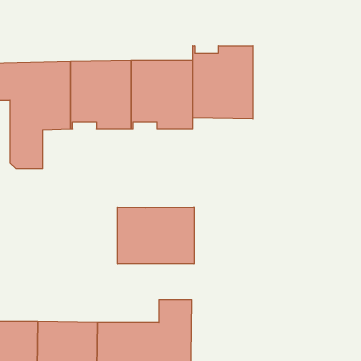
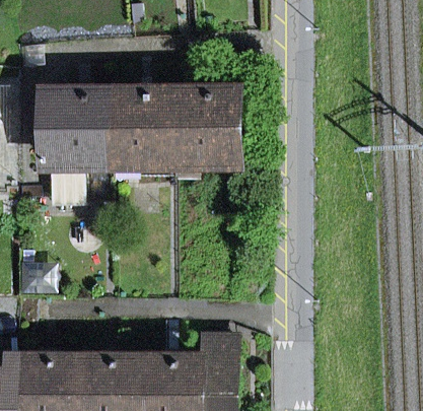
building: [193,46,253,119] -> none
building: [118,207,194,264] -> none

